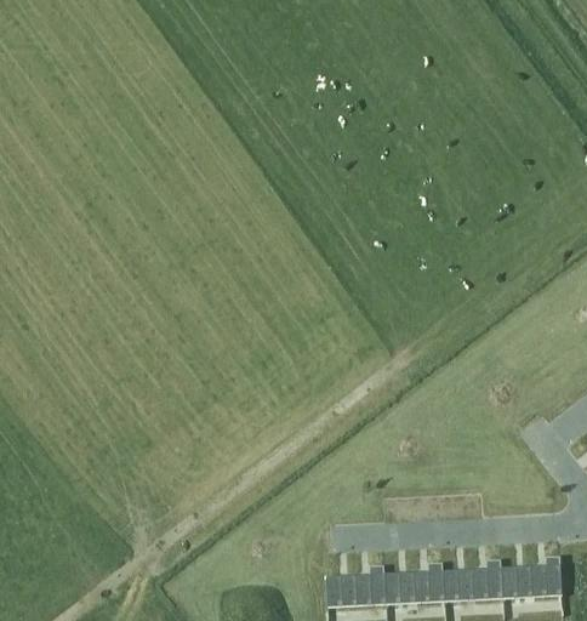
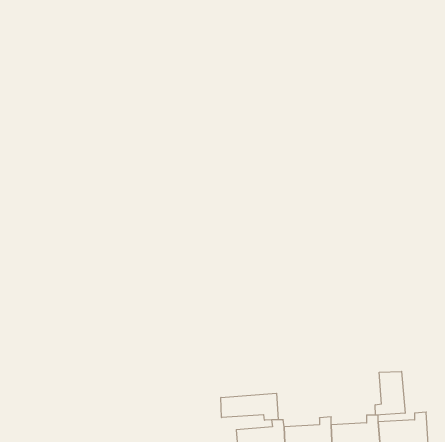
building: none -> [375,371,405,415]
building: none -> [221,393,278,420]

